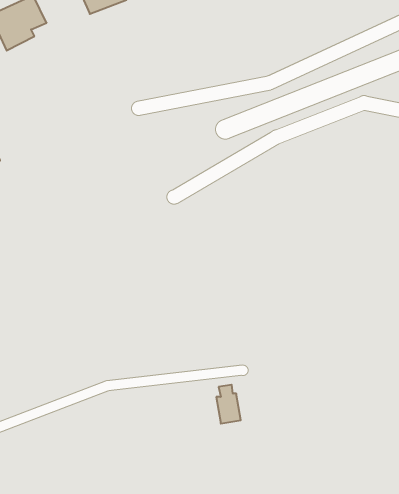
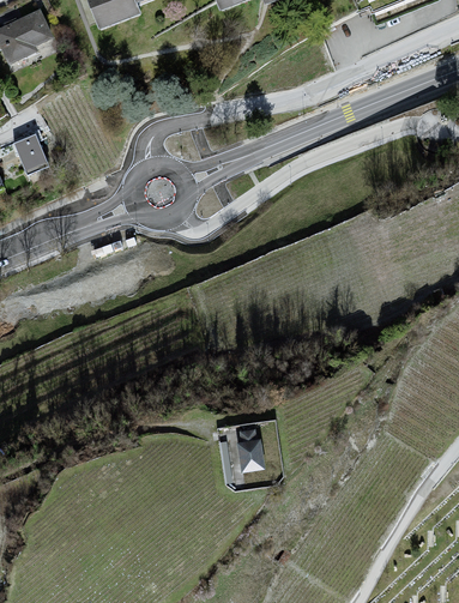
building: none -> [11,132,47,173]

